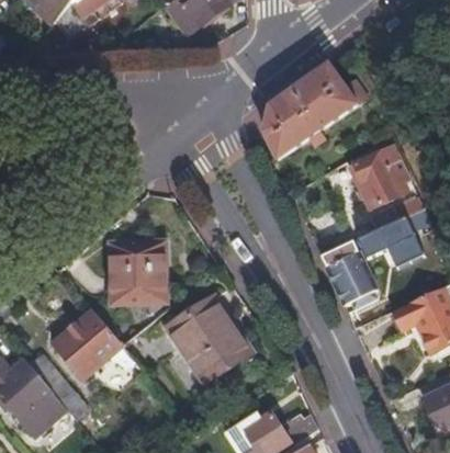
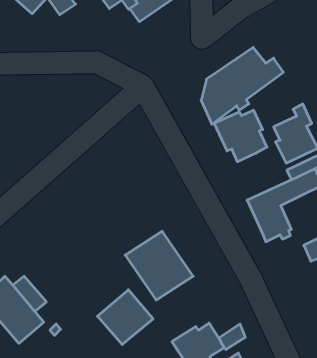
building: none -> [214,110,267,162]
building: [111,240,165,301] -> none
building: [54,307,123,375] -> [97,290,153,345]

